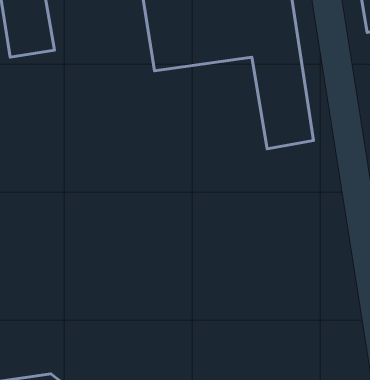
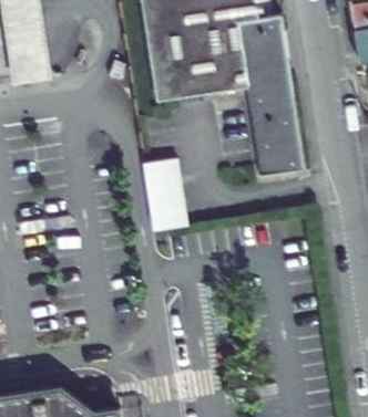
building: none -> [142,159,187,231]

